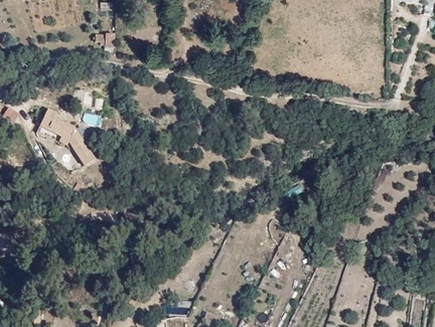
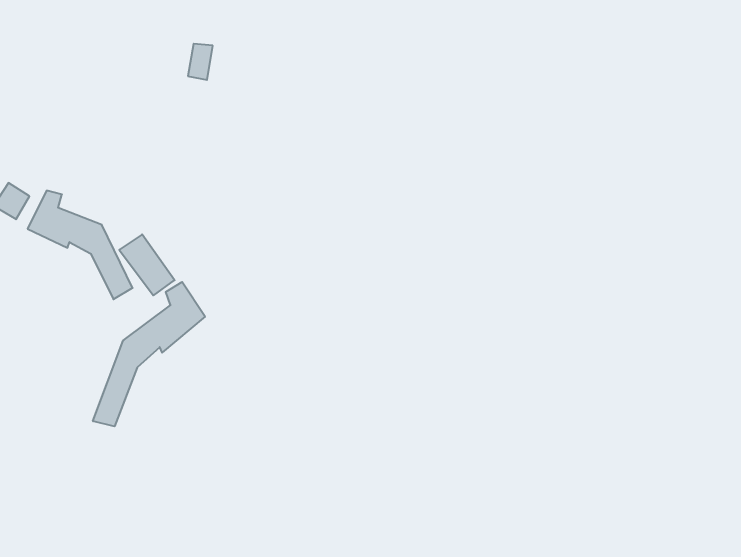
building: none -> [93,282,205,426]

